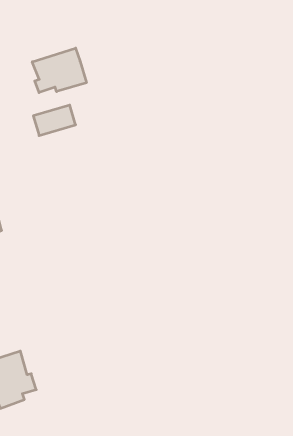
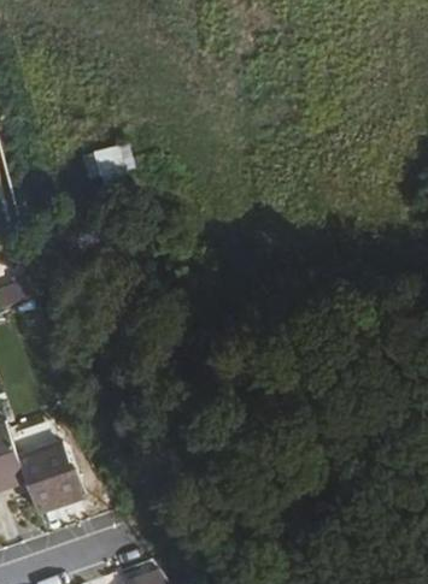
building: [32,48,86,93] -> none

